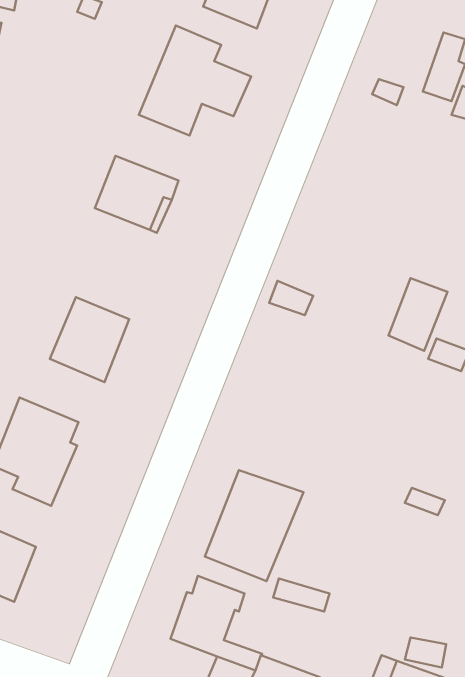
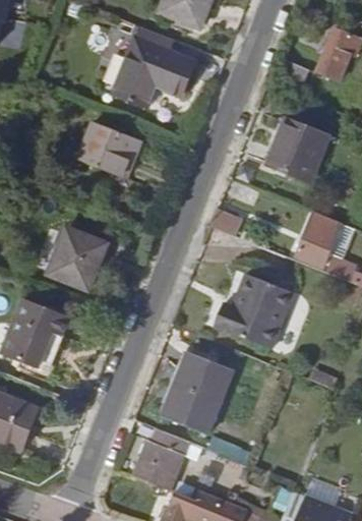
building: none -> [265,121,322,181]
building: none -> [214,277,292,351]

